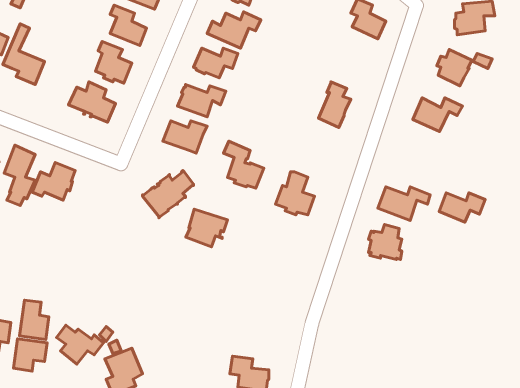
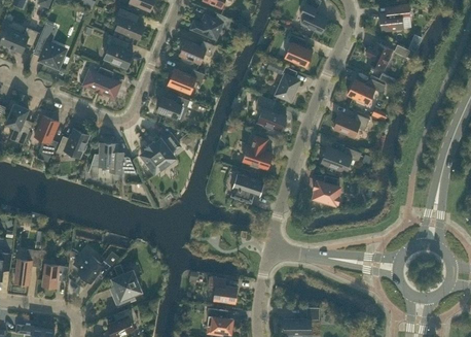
building: none -> [284,34,312,67]
building: [223,141,264,188] -> [254,95,285,131]
building: none -> [98,143,122,172]
building: [439,193,485,222] -> [333,114,368,137]
building: [186,209,228,247] -> [230,174,262,203]
building: [20,300,49,339] -> none

